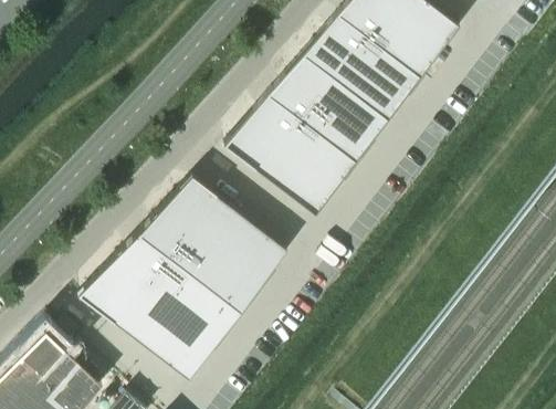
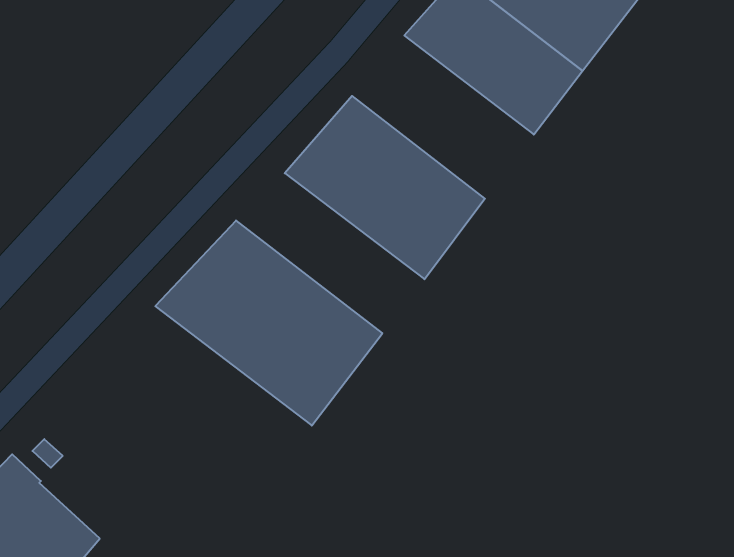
building: [269,54,388,161] -> none
building: [80,232,242,379] -> none

